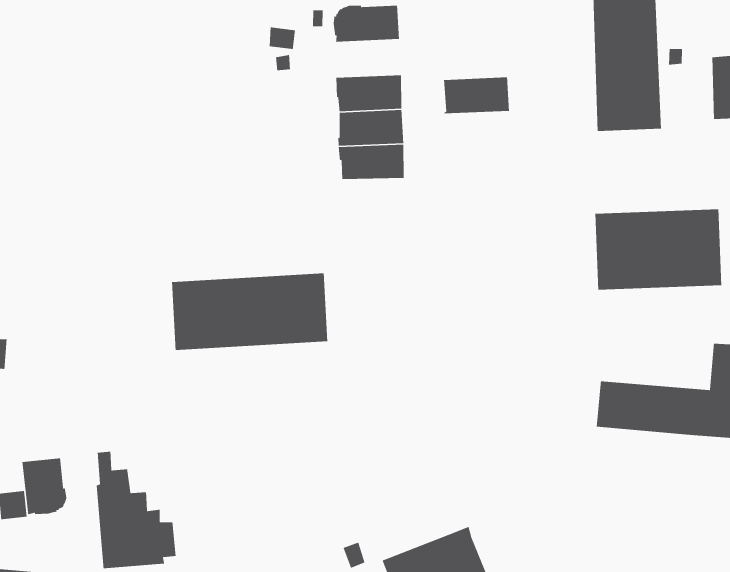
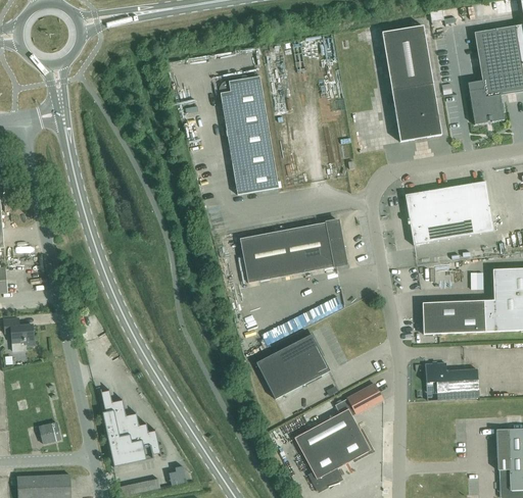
building: [443,77,510,114] -> [222,98,268,128]
building: [171,272,328,351] -> [239,219,346,283]
building: none -> [255,334,330,399]
building: [22,458,67,515] -> none
building: none -> [424,362,478,401]
building: none -> [334,384,382,415]

